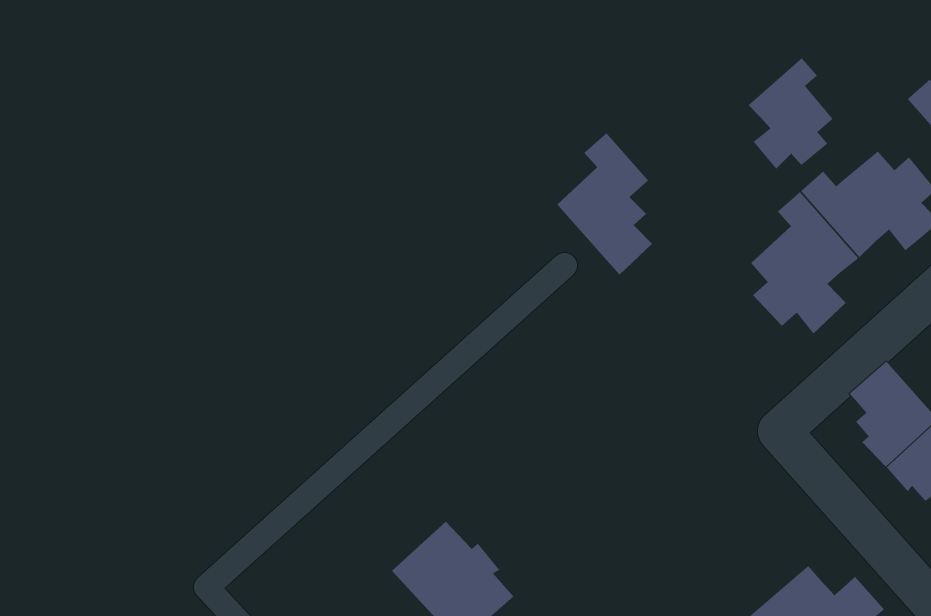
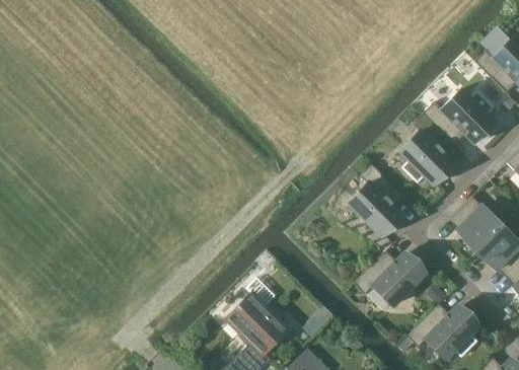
building: [748,58,833,169] -> none
building: [557,132,653,275] -> [350,164,400,237]
building: none -> [356,250,428,306]

